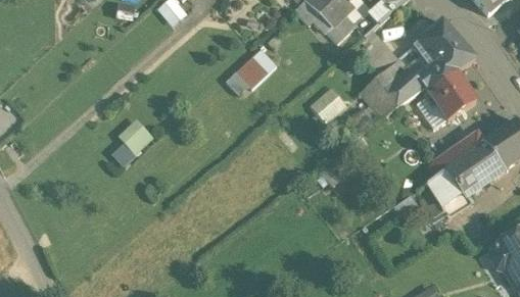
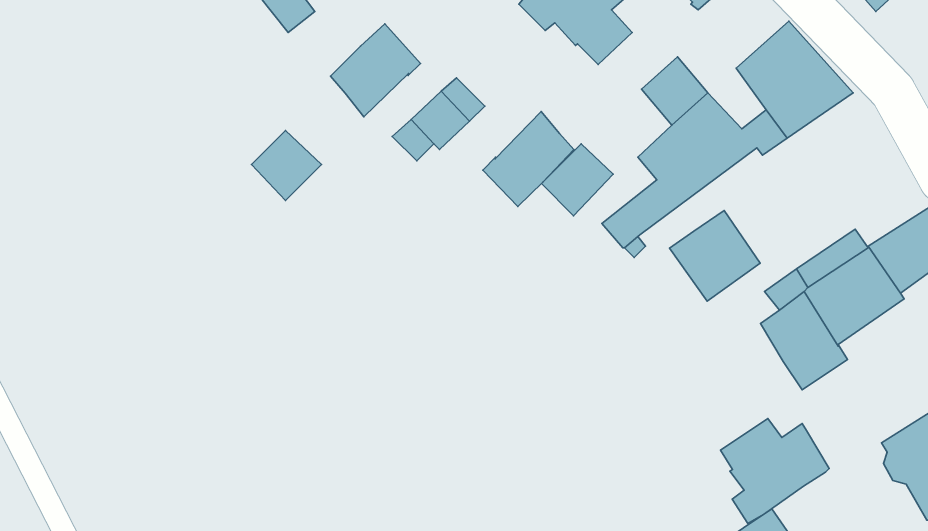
building: none -> [330,24,421,117]
building: none -> [483,111,574,206]
building: [427,70,476,119] -> [669,210,760,301]
building: [116,120,154,158] -> [252,131,321,201]
building: none -> [720,419,829,523]

